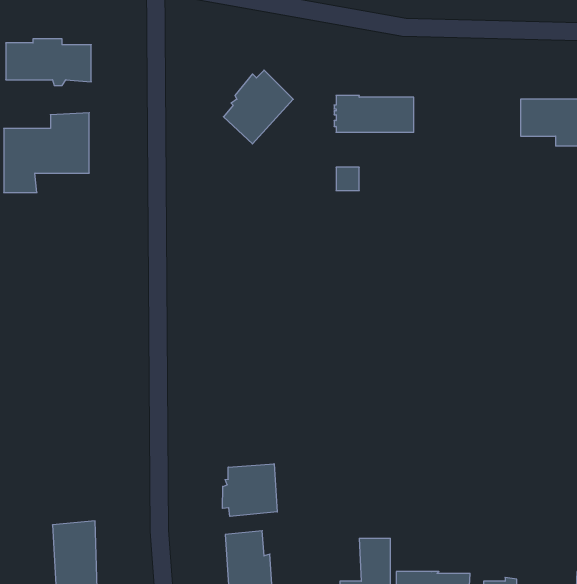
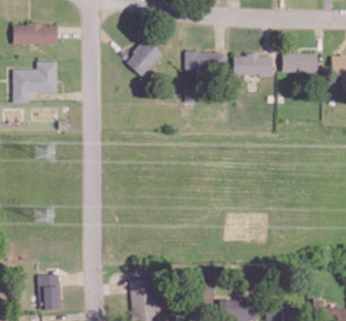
building: none -> [235,53,273,76]
building: [222,464,277,516] -> none

